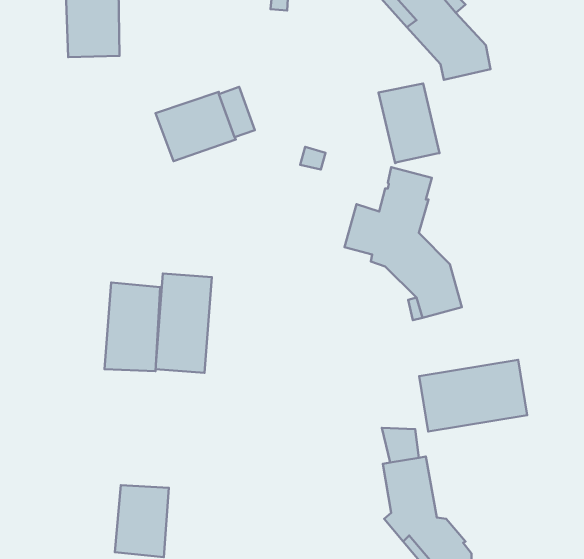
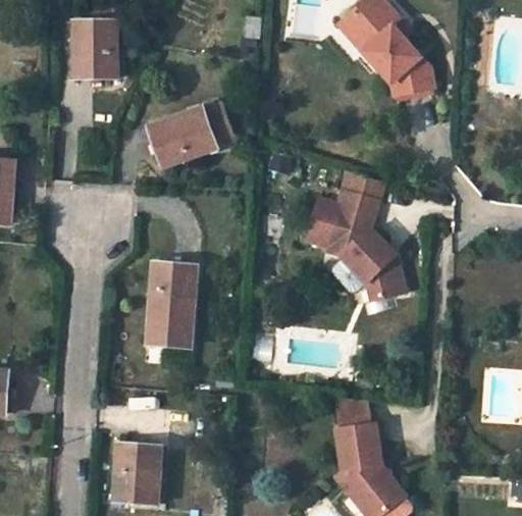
building: [379,84,439,163] -> none
building: [105,282,160,371] -> none
building: [419,360,527,432] -> none

